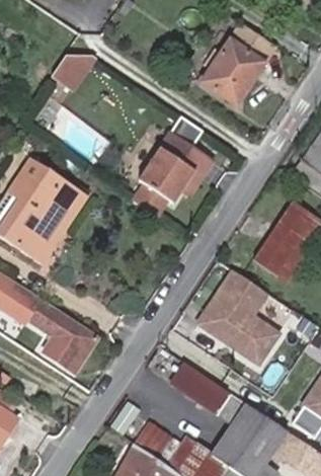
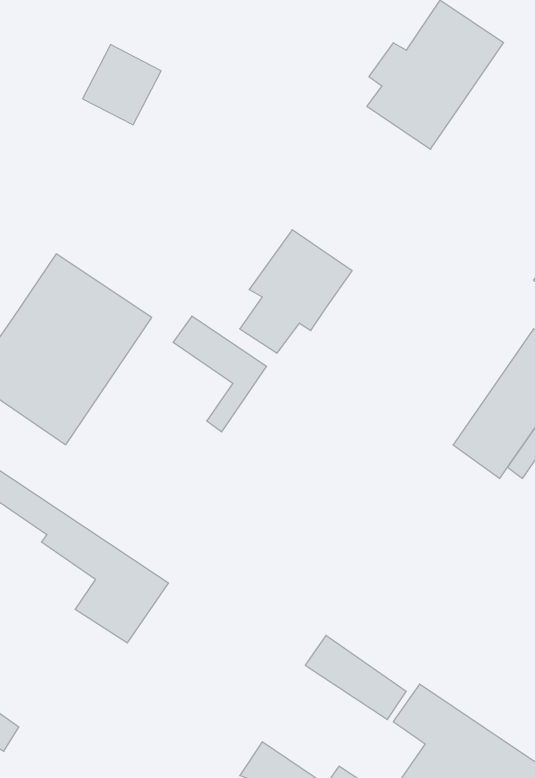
building: [162,133,213,195] -> [173,316,267,432]
building: [199,268,278,360] -> none

